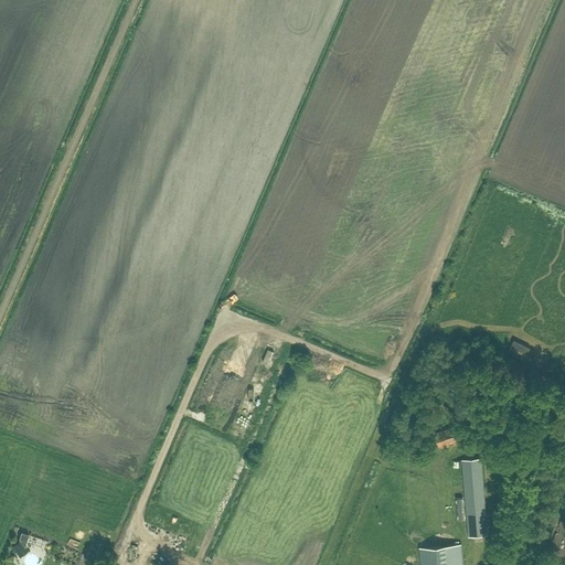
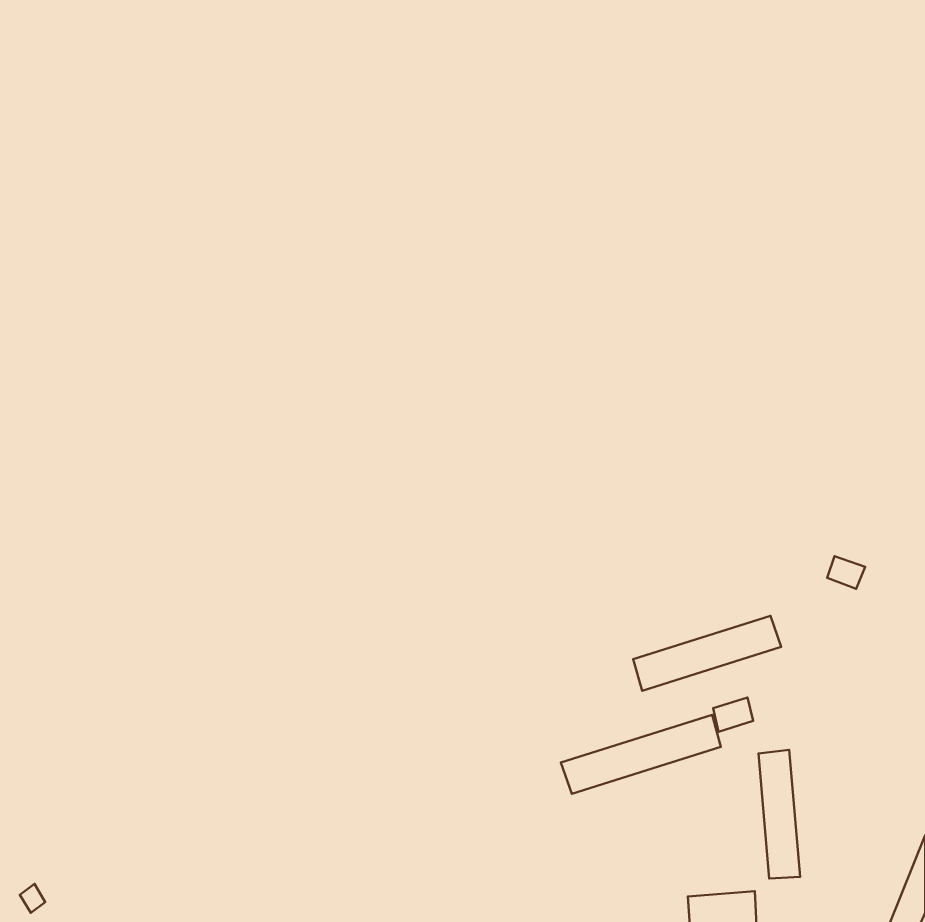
building: none -> [633,616,781,691]
building: none -> [561,715,721,794]

